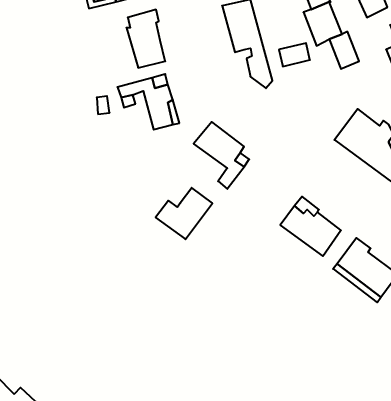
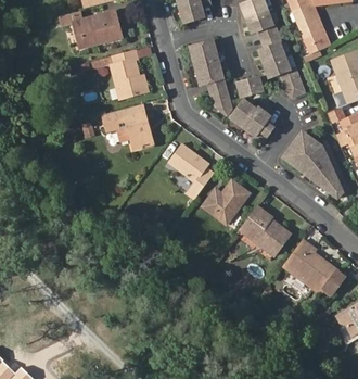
building: none -> [231,99,274,140]
building: [156,188,212,239] -> [201,180,248,224]

